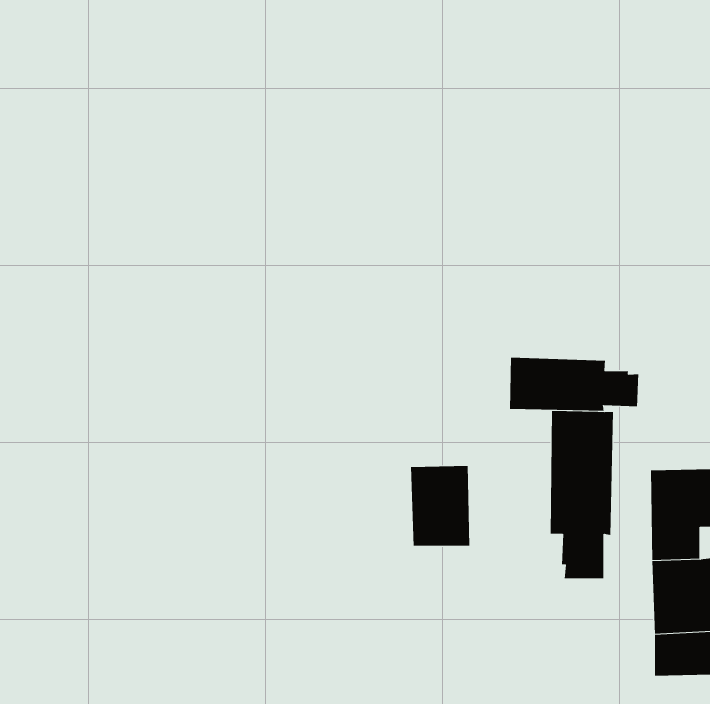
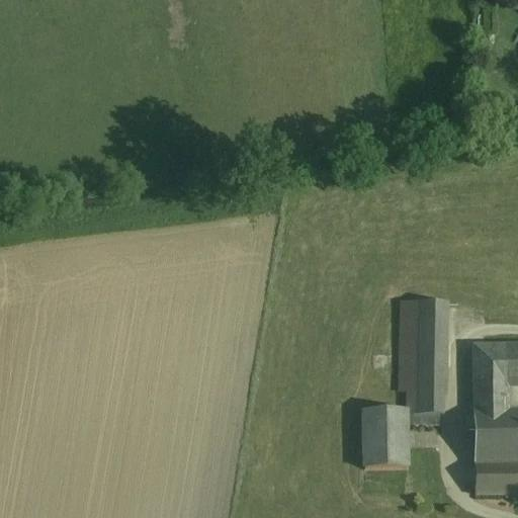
building: [509,357,639,412] -> none
building: [410,466,470,546] -> [364,407,408,465]

